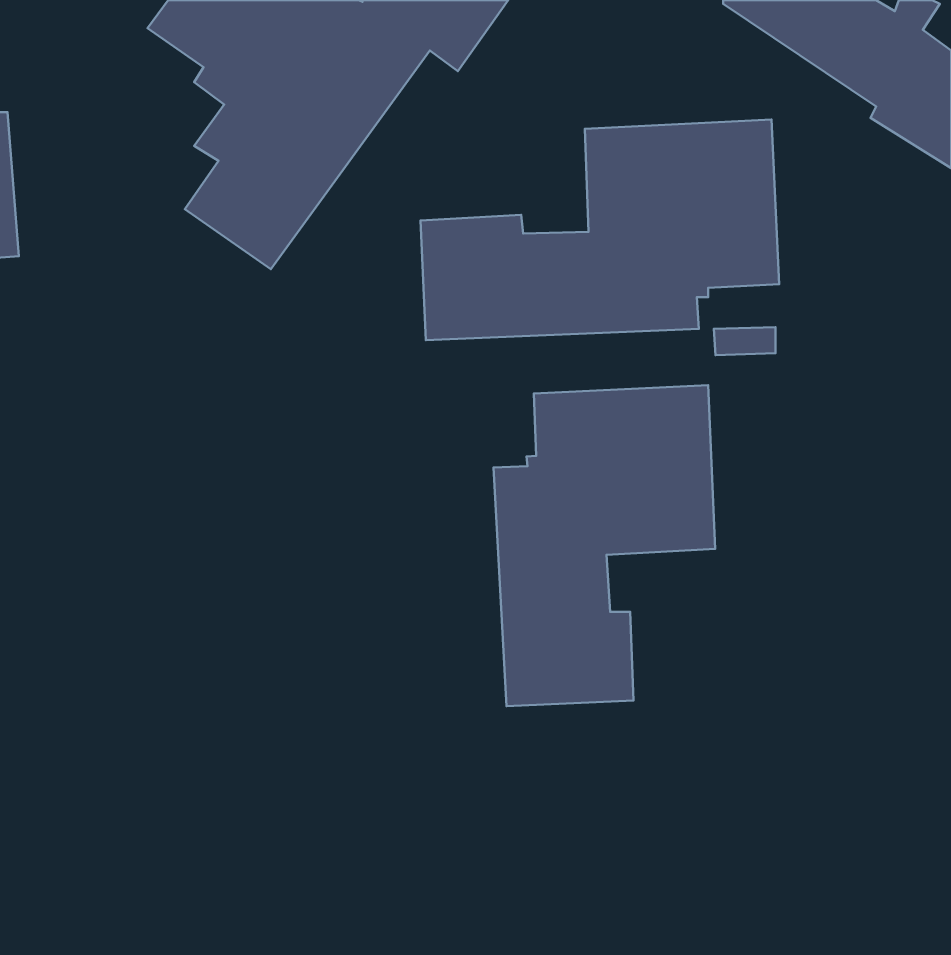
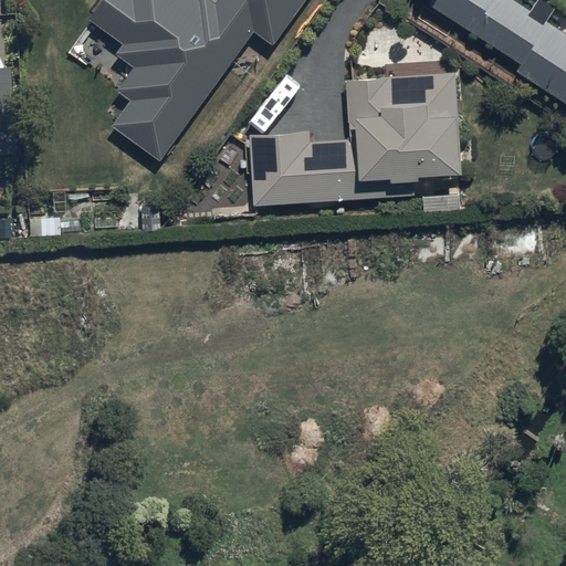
building: [494,385,715,706] -> none

